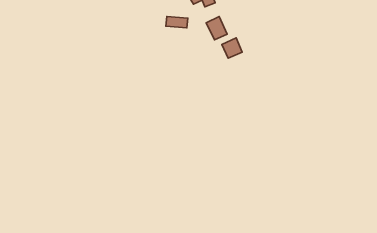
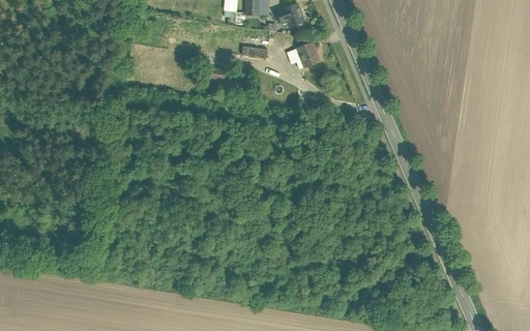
building: [222,38,242,58] -> none

